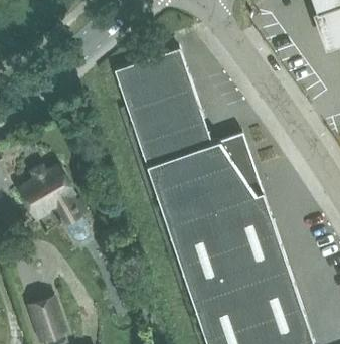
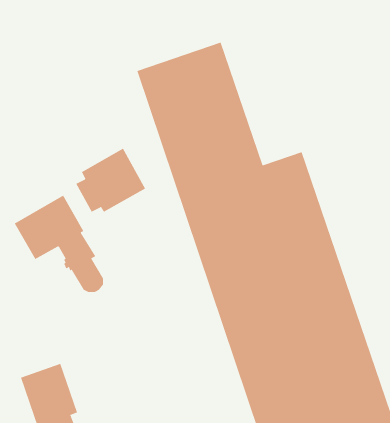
building: none -> [76,148,146,213]

